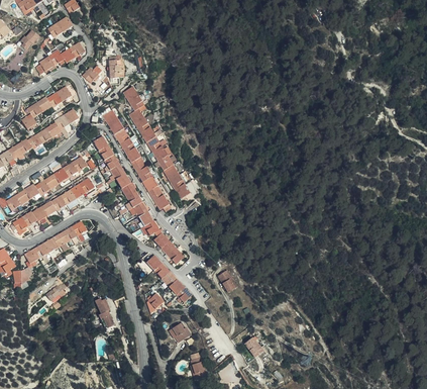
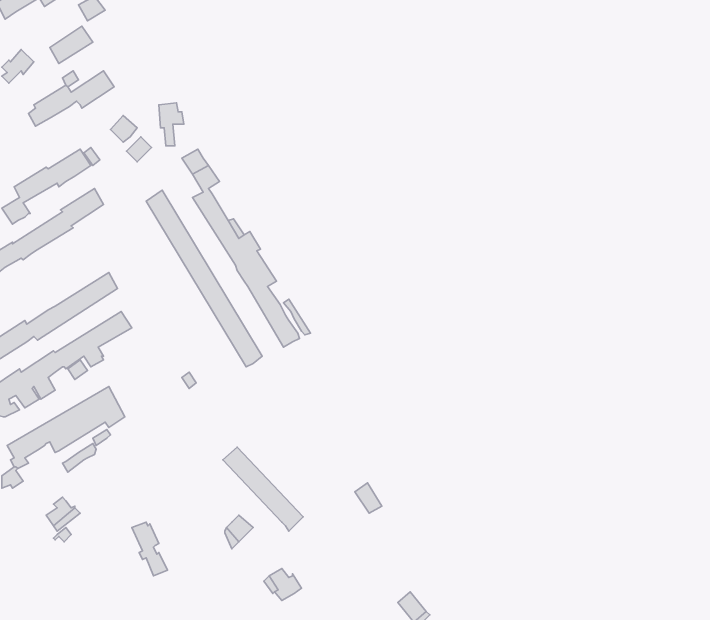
building: [93,135,184,264] -> none

